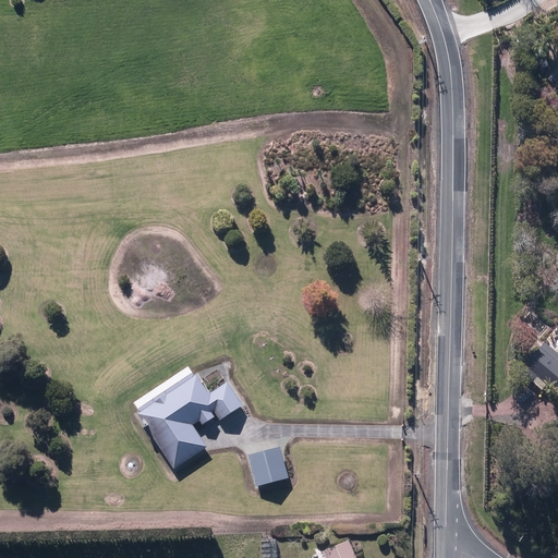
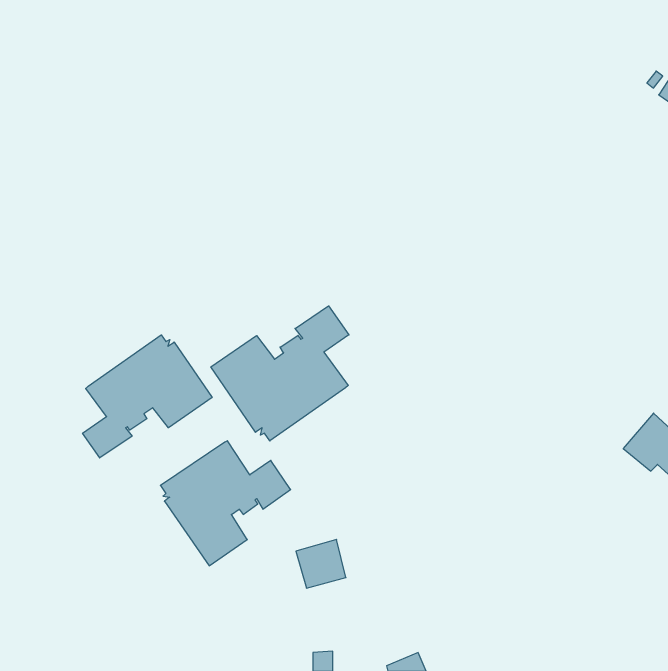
building: none -> [211,306,349,441]
building: none -> [83,335,212,458]

